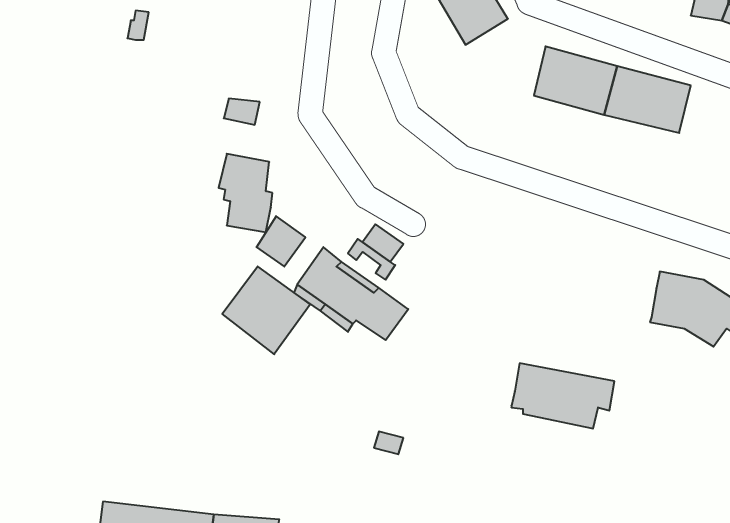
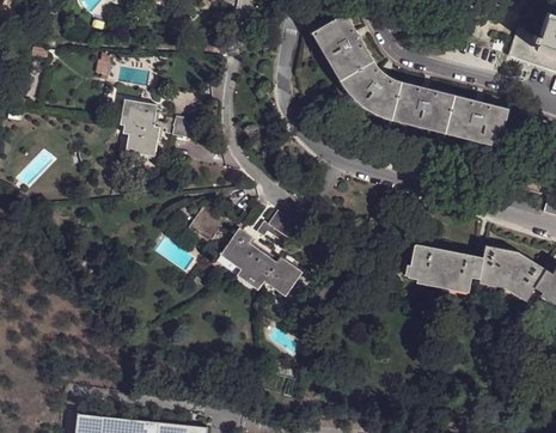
building: none -> [343,60,402,116]
building: [219,154,272,232] -> [120,99,159,157]
building: [222,266,310,354] -> none
building: [511,363,614,429] -> [408,244,483,292]

